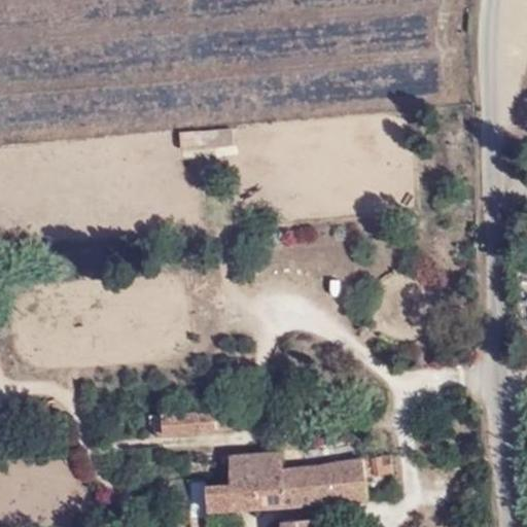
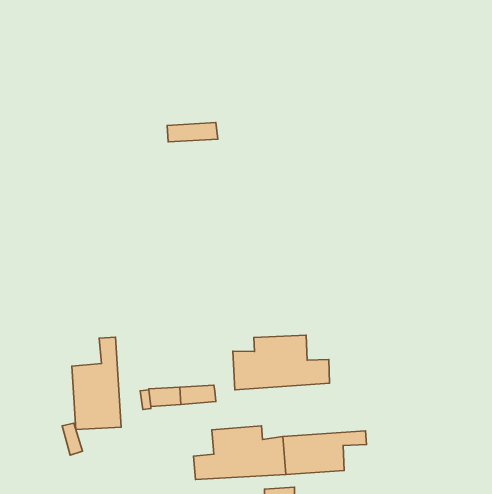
building: none -> [233,335,330,390]
building: none -> [72,337,121,430]

